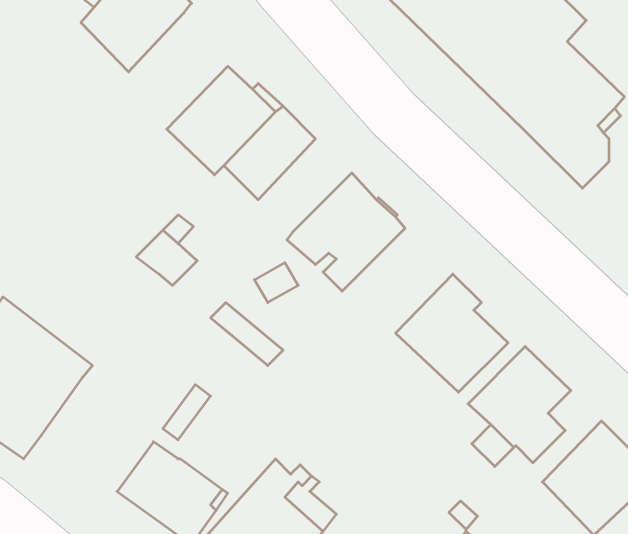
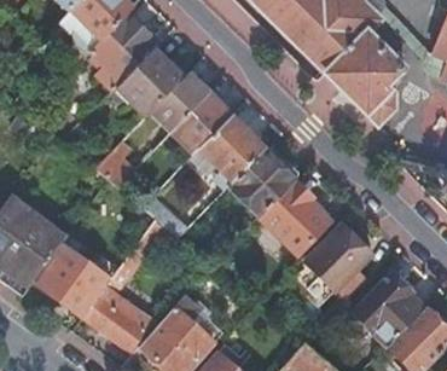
building: none -> [89,15,157,91]
building: none -> [173,94,232,153]
building: none -> [230,151,297,218]
building: none -> [35,245,110,318]

